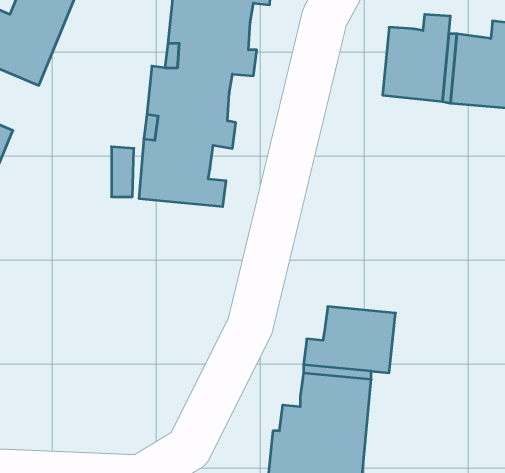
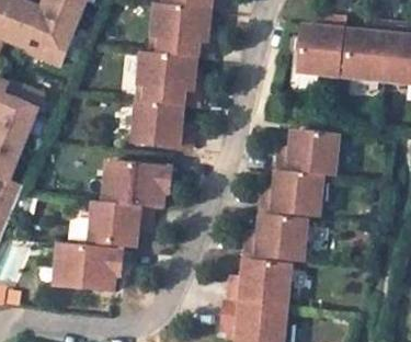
building: none -> [259,130,336,216]
building: none -> [87,161,170,247]
building: none -> [53,243,121,290]

